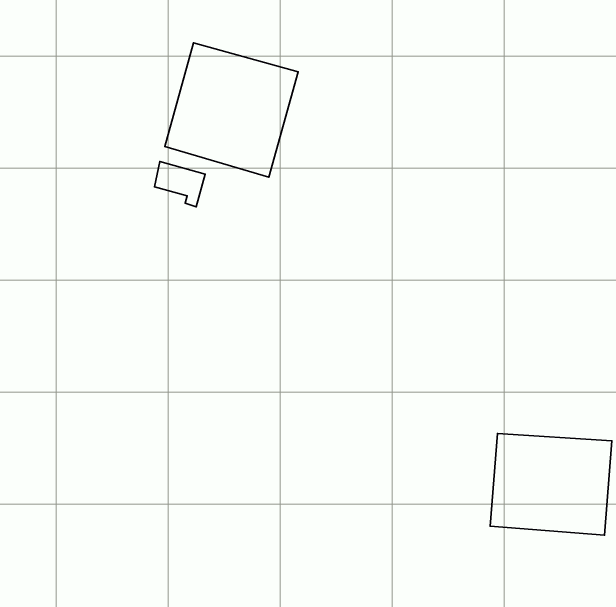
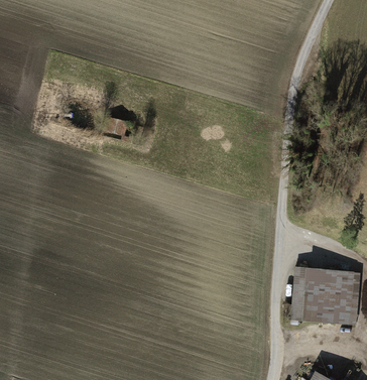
building: [165,43,298,177] -> none

